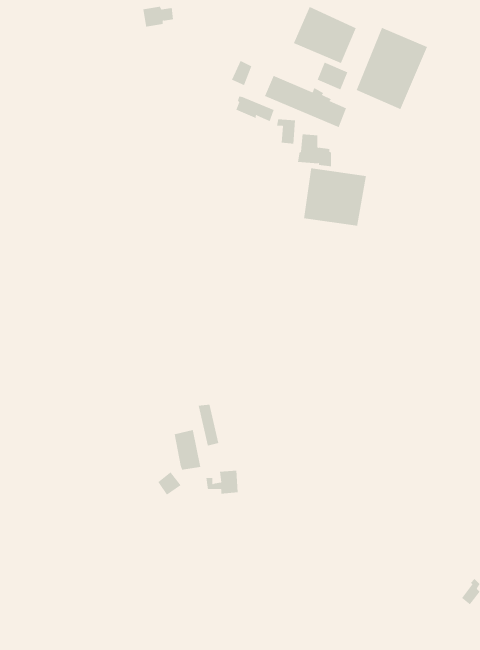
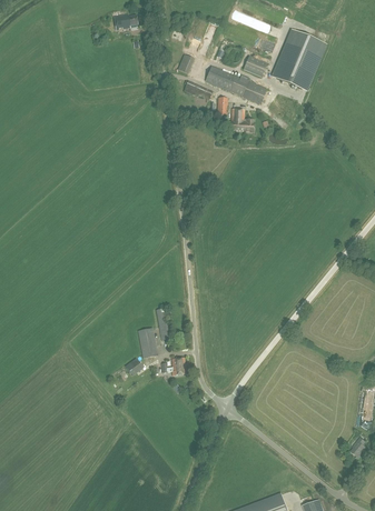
building: [293,6,357,64] -> none
building: [304,167,366,227] -> none

